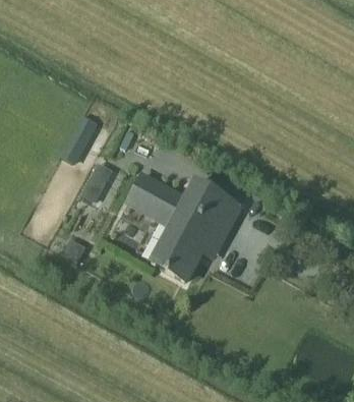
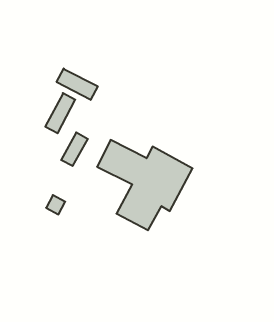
building: none -> [57,68,98,100]

